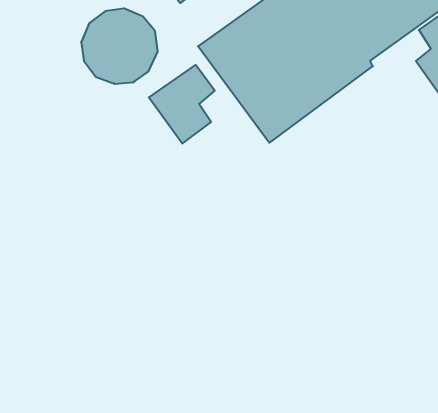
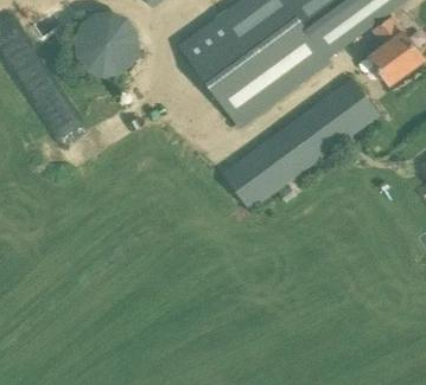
building: [149,65,215,144] -> none
building: none -> [220,77,379,211]

